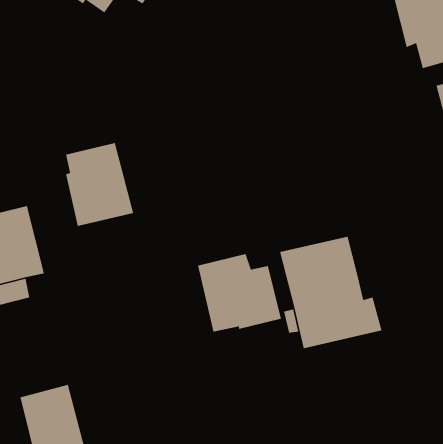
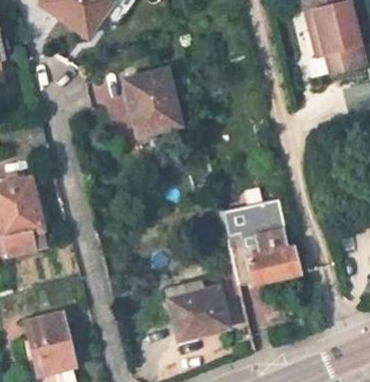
building: [65,142,134,227] -> [129,69,181,133]
building: [197,253,282,332] -> [165,278,230,338]

